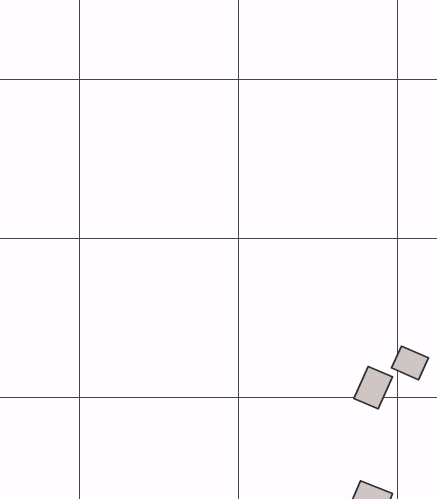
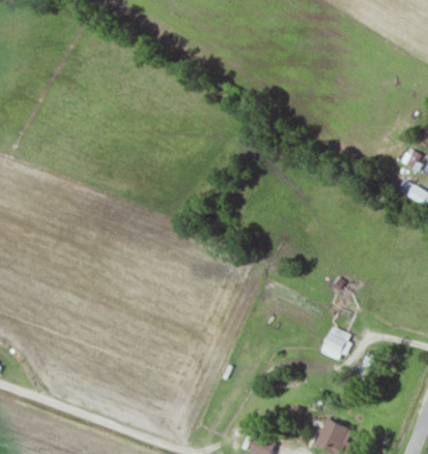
building: [392,346,429,380] -> none

